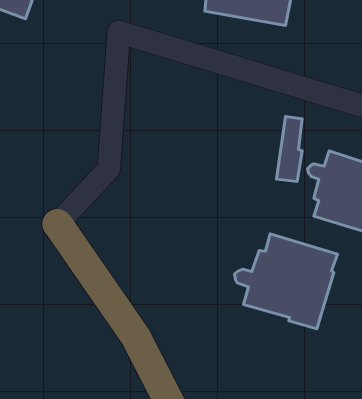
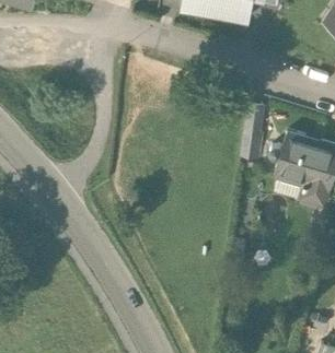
building: [234,234,338,329] -> none

